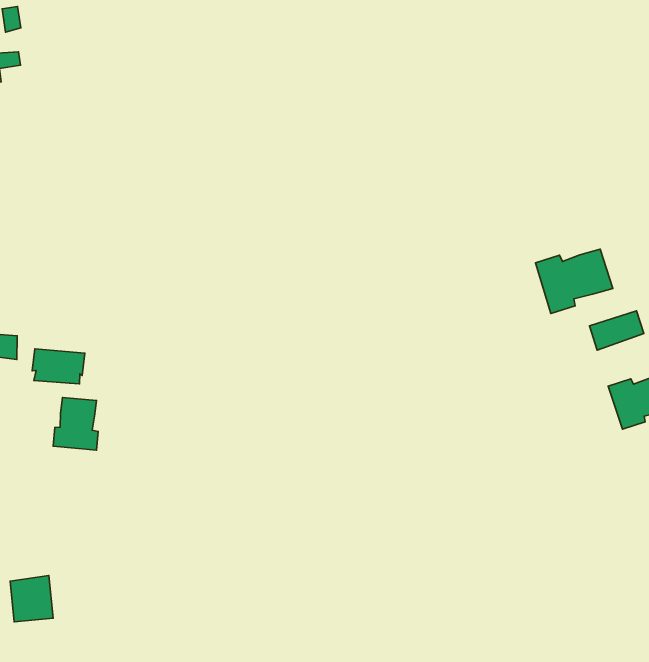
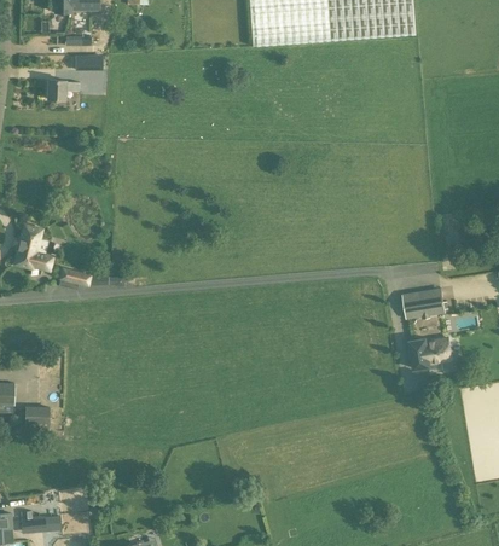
building: [535,249,613,313] -> none
building: [53,397,98,450] -> none

